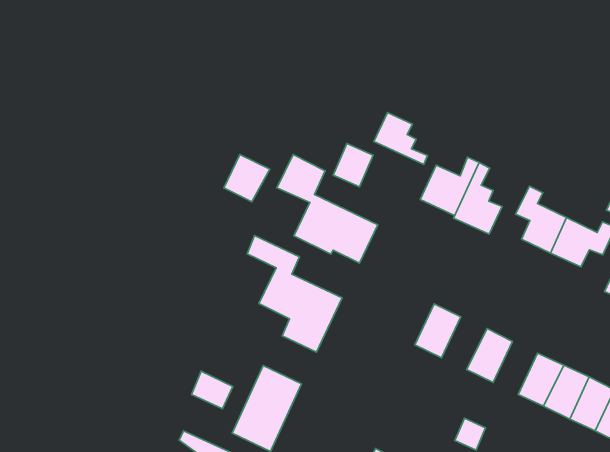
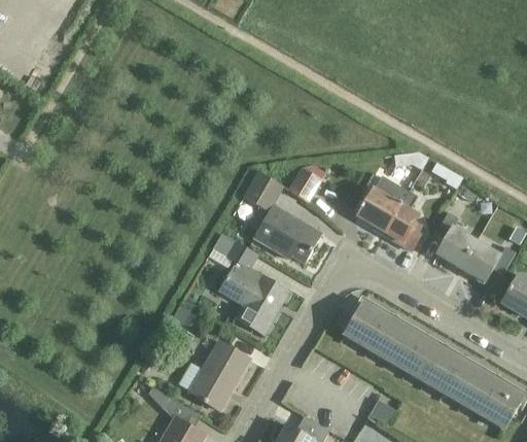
building: [374,113,428,165] -> none
building: [224,154,270,202] -> none
building: none -> [364,313,403,356]
building: none -> [405,337,443,380]
building: [191,371,233,409] -> none

